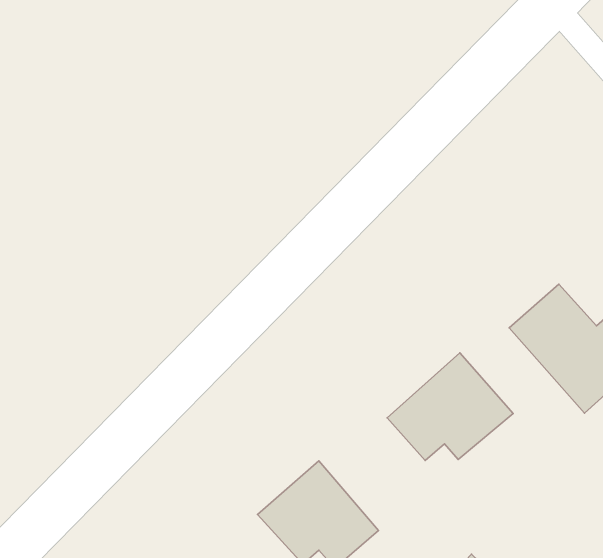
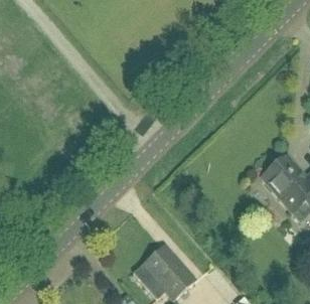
building: [387,353,513,461] -> none

